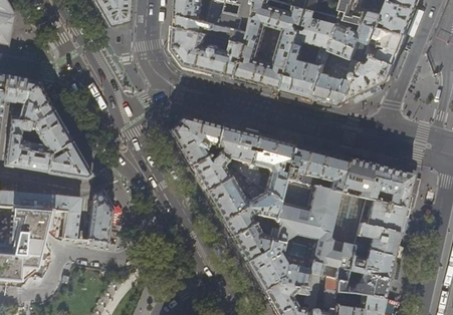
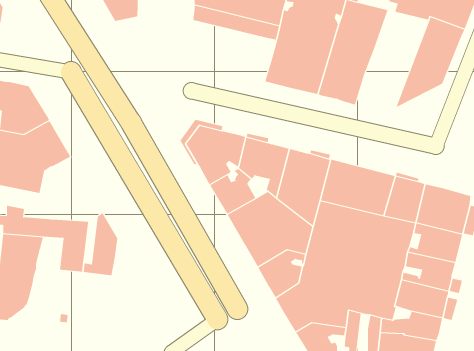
building: [313,16,376,103] -> none
building: [174,25,246,77] -> none
building: [45,141,90,180] -> none

